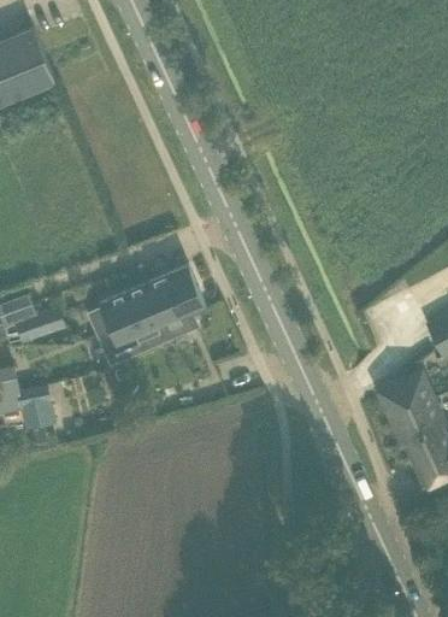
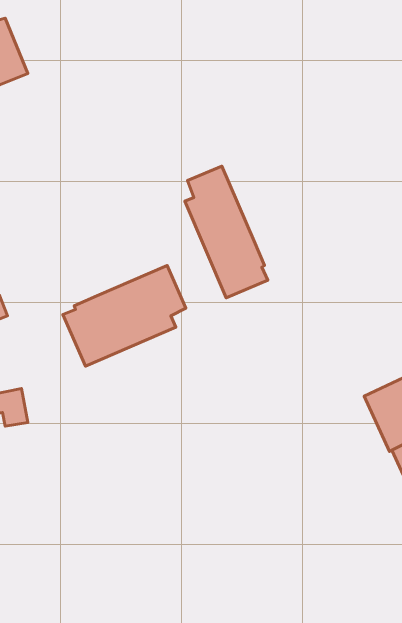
building: none -> [185,166,268,298]

